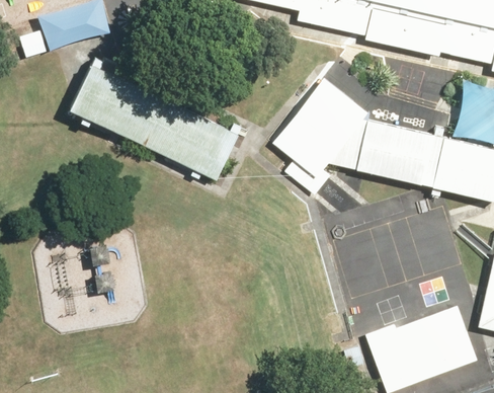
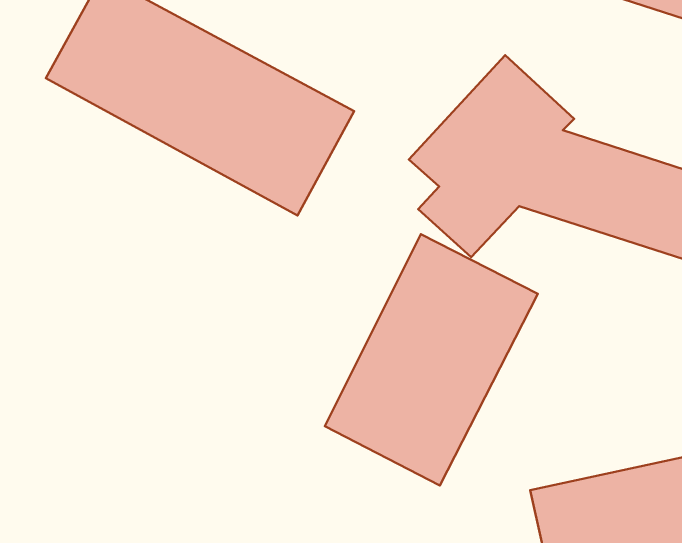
building: none -> [325,234,538,485]

